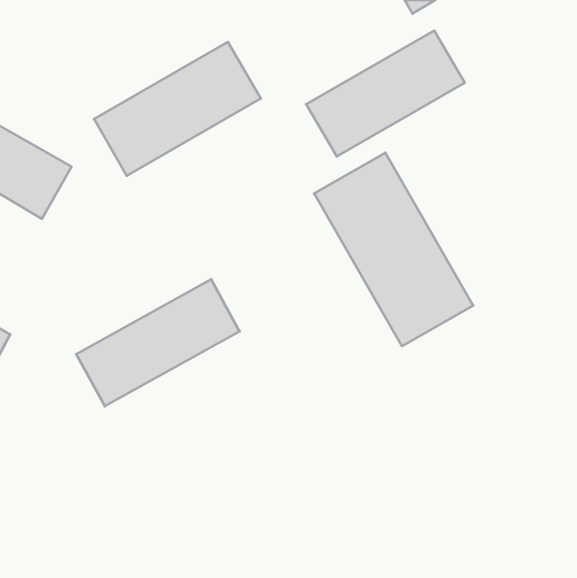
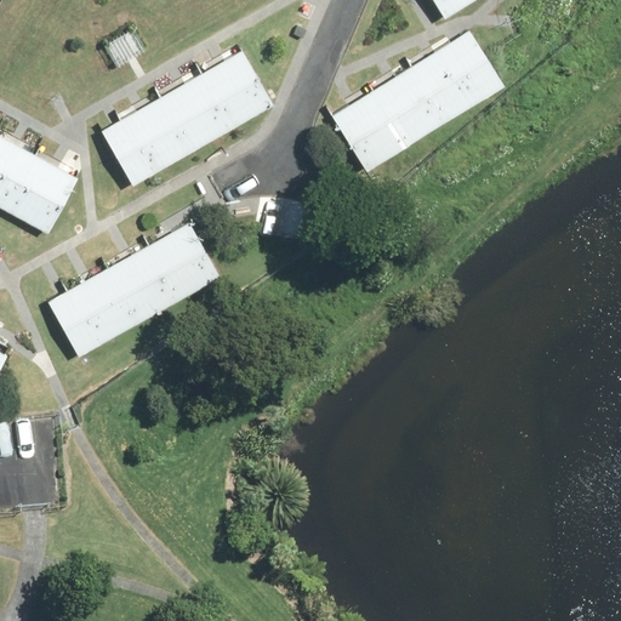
building: [314,153,473,346] -> none
building: [76,279,240,406] -> [50,221,224,357]

